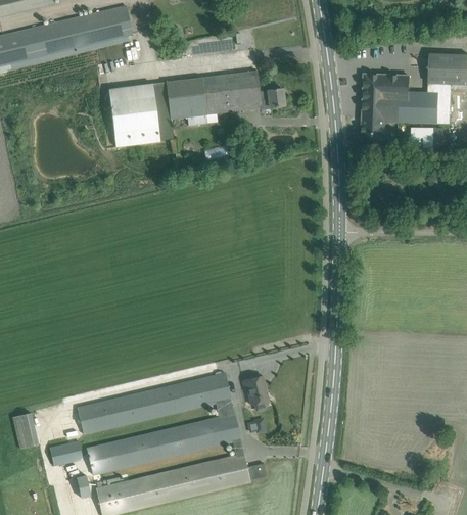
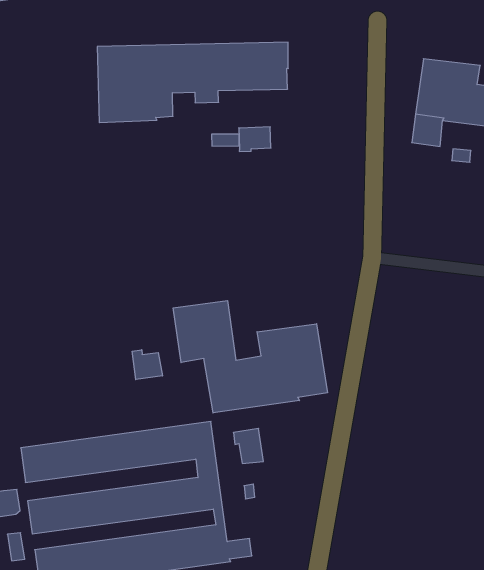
building: [259,88,285,109] -> [239,127,271,151]
building: none -> [173,301,327,413]
building: none -> [132,350,162,380]

